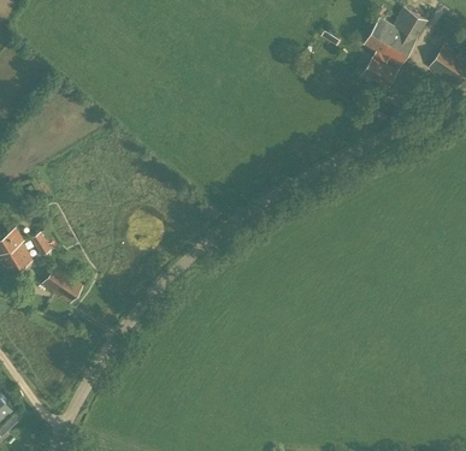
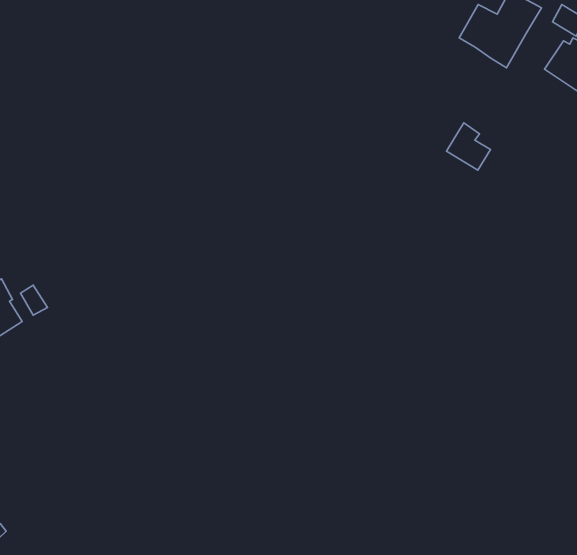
building: [362,49,396,85] -> [446,123,491,170]
building: [40,265,82,303] -> none

